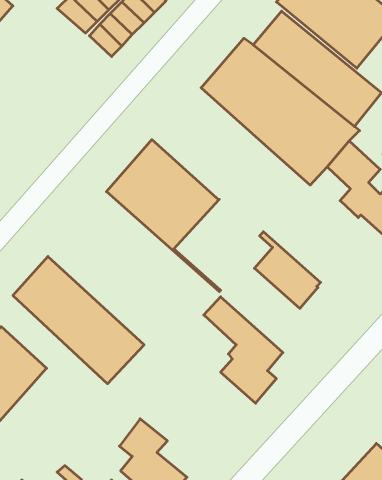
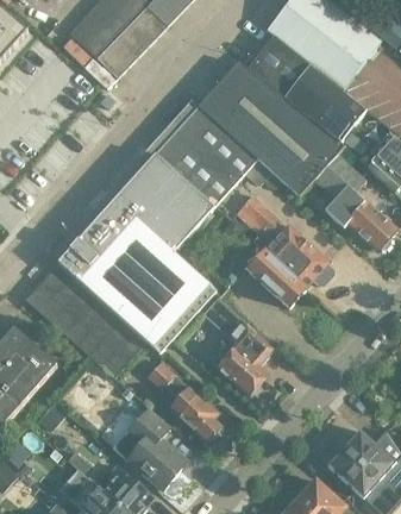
building: none -> [155,105,258,207]
building: none -> [237,194,328,284]
building: none -> [59,201,217,353]
building: none -> [149,362,223,441]

